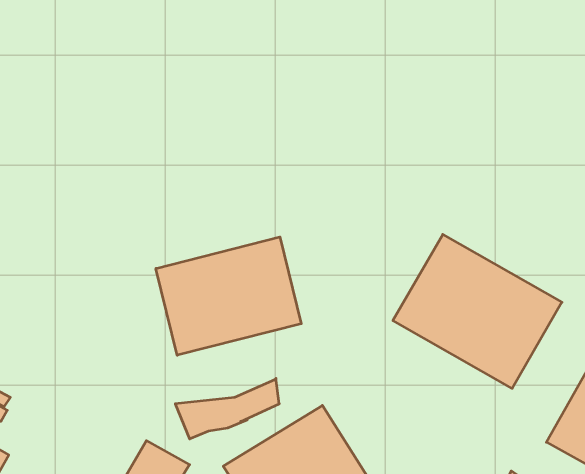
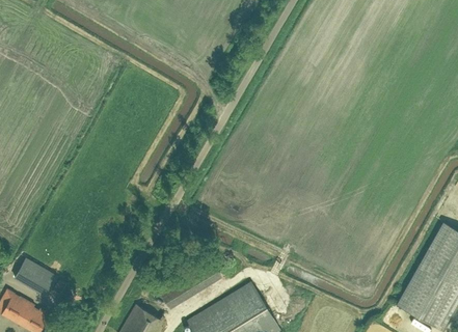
building: [393,234,562,388] -> none
building: [156,237,301,355] -> none

